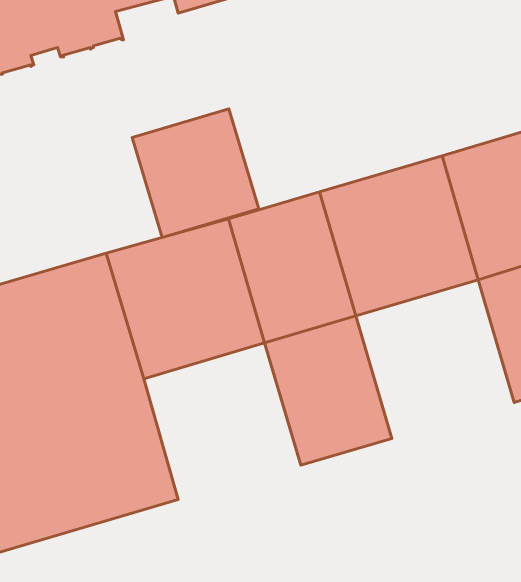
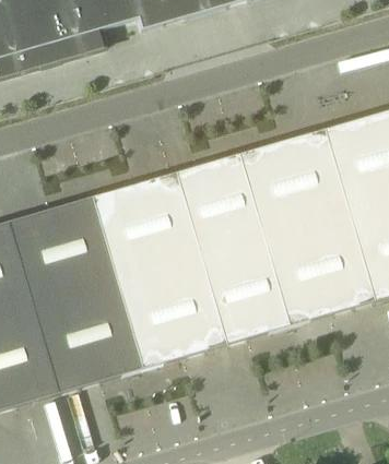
building: [132,109,259,237] -> none
building: none -> [264,215,375,325]
building: none -> [117,259,226,368]

